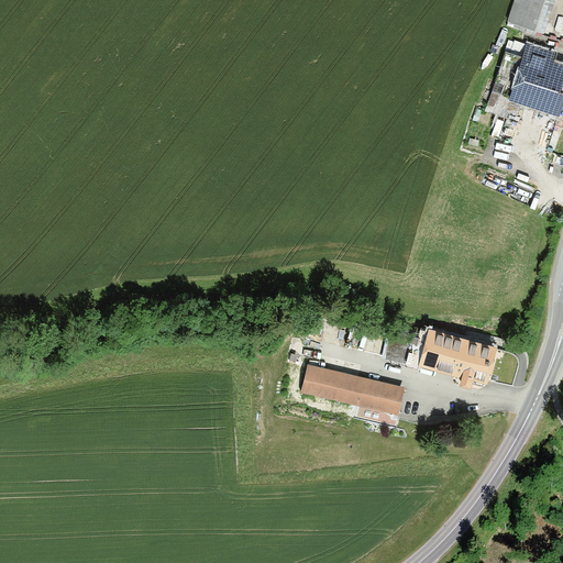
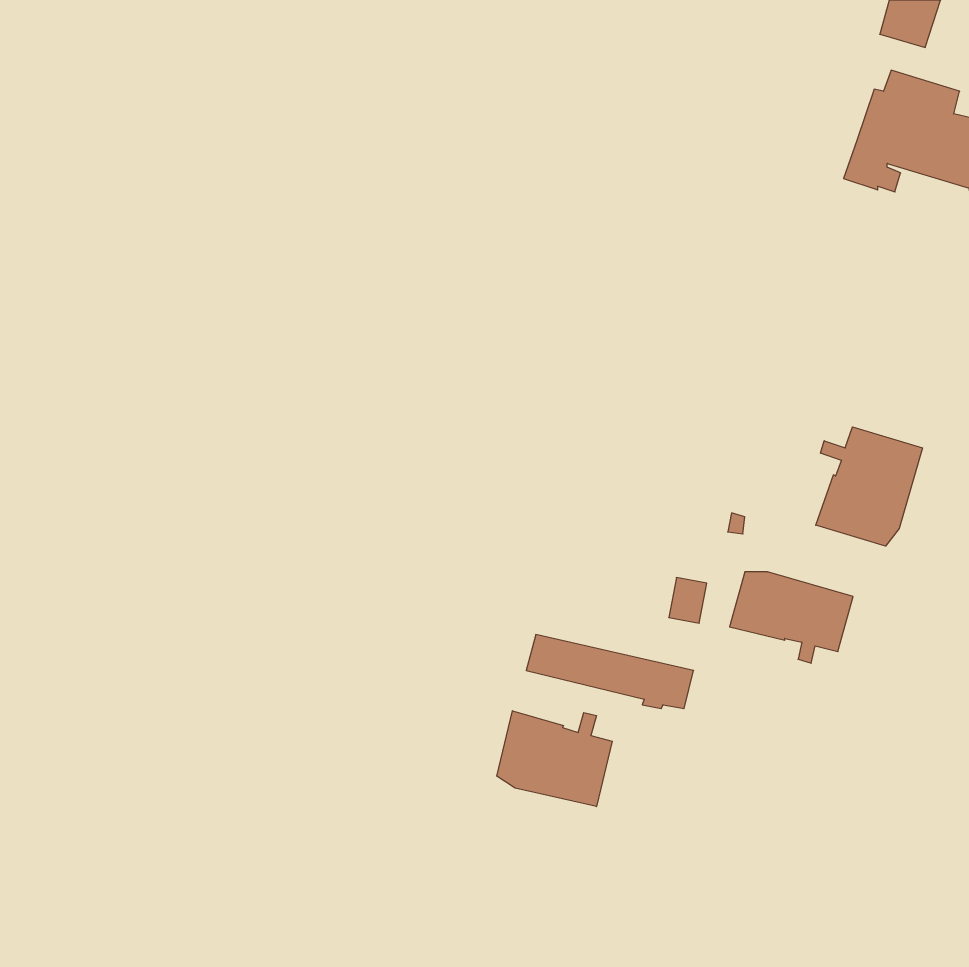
building: none -> [816,427,922,546]
building: none -> [497,711,612,807]

